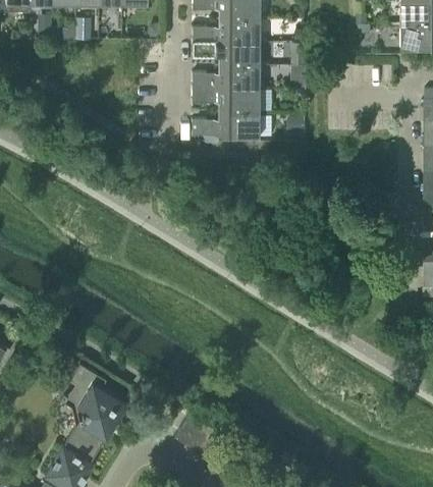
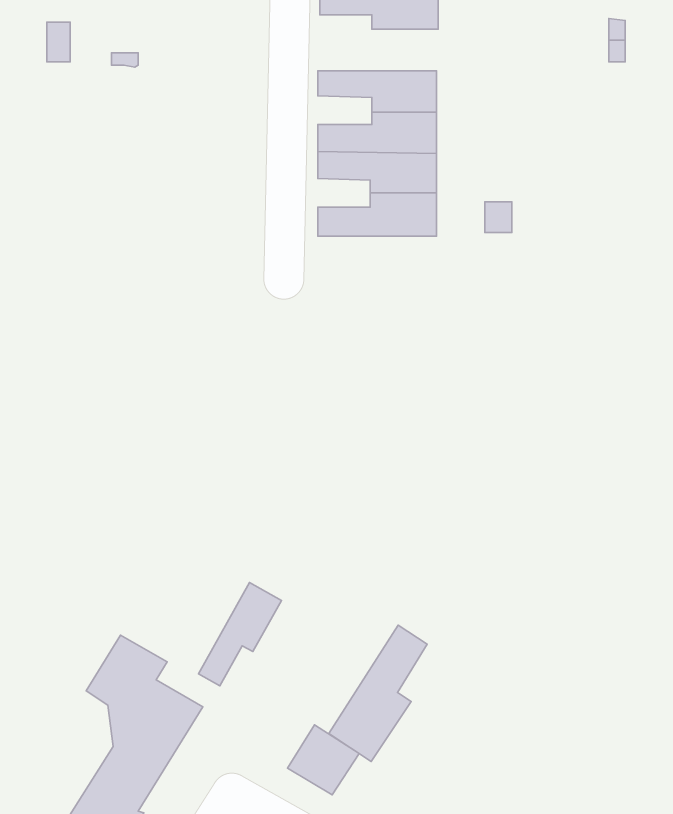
building: [192,19,260,43] -> none
building: none -> [199,583,282,686]
building: none -> [329,625,427,761]

